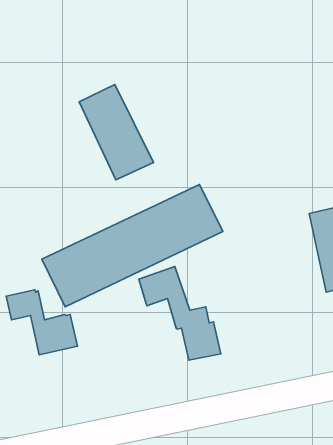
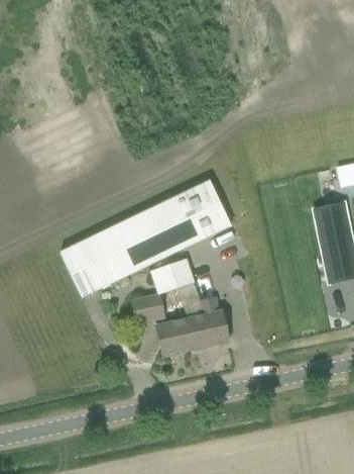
building: [79,85,153,180] -> none
building: [6,290,78,355] -> [131,293,199,355]

